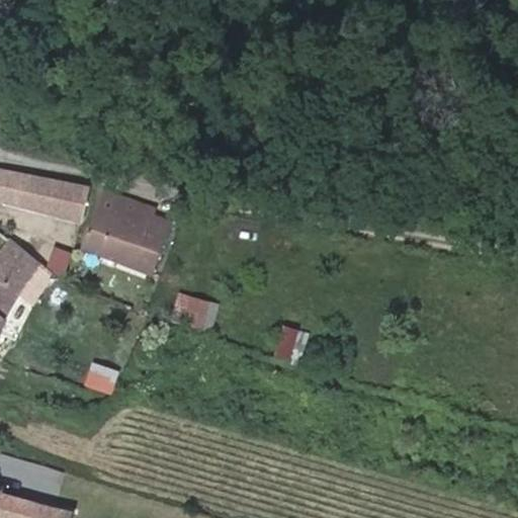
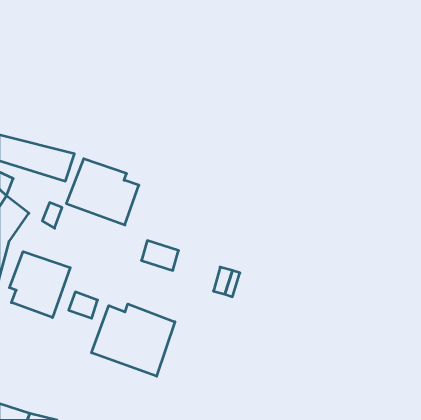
building: none -> [9,252,70,318]
building: none -> [92,304,175,376]

